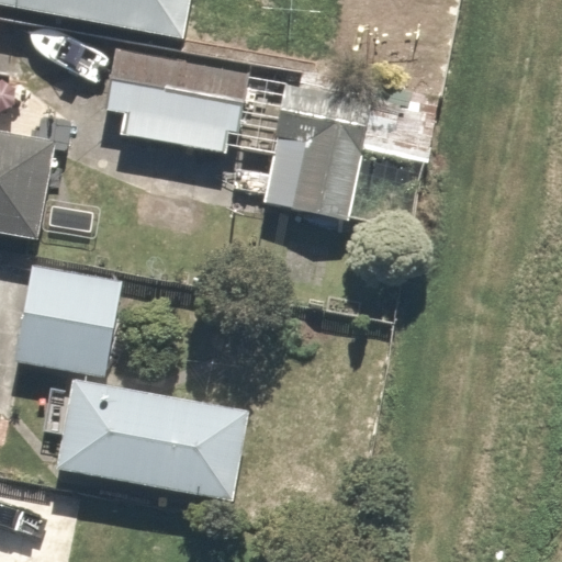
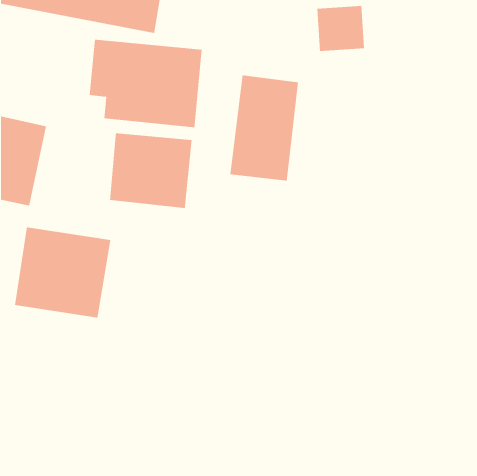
building: none -> [109,132,192,209]
building: [55,380,247,497] -> none

